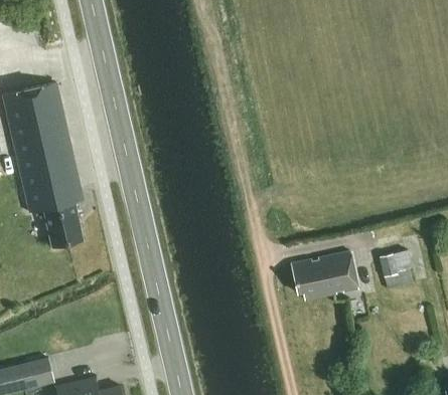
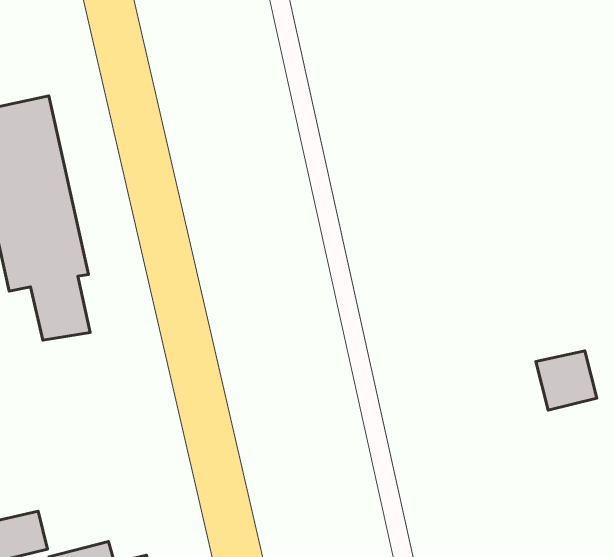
building: [292,251,358,300] -> none

